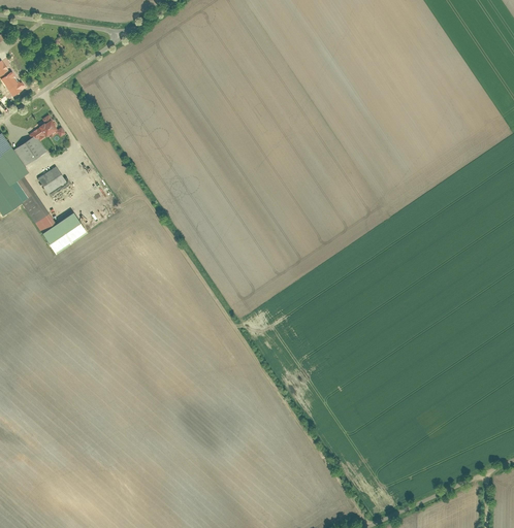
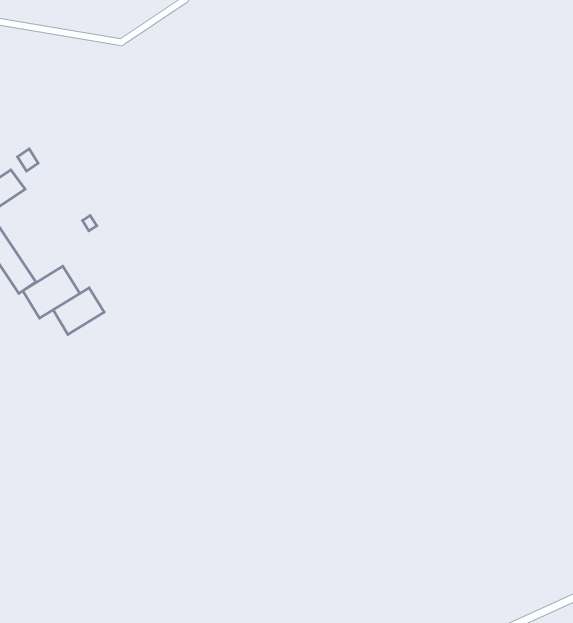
building: [37,167,65,194] -> none
building: none -> [53,288,104,334]

